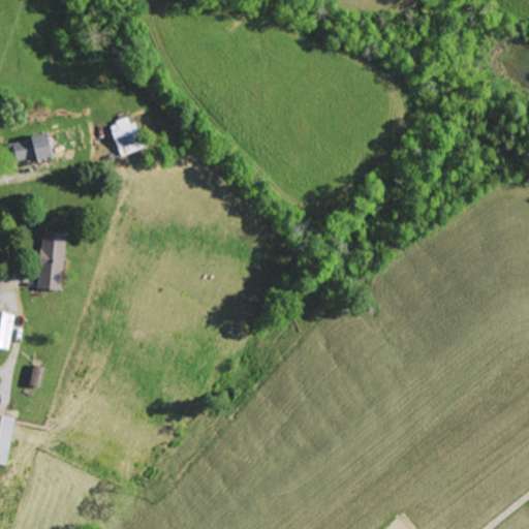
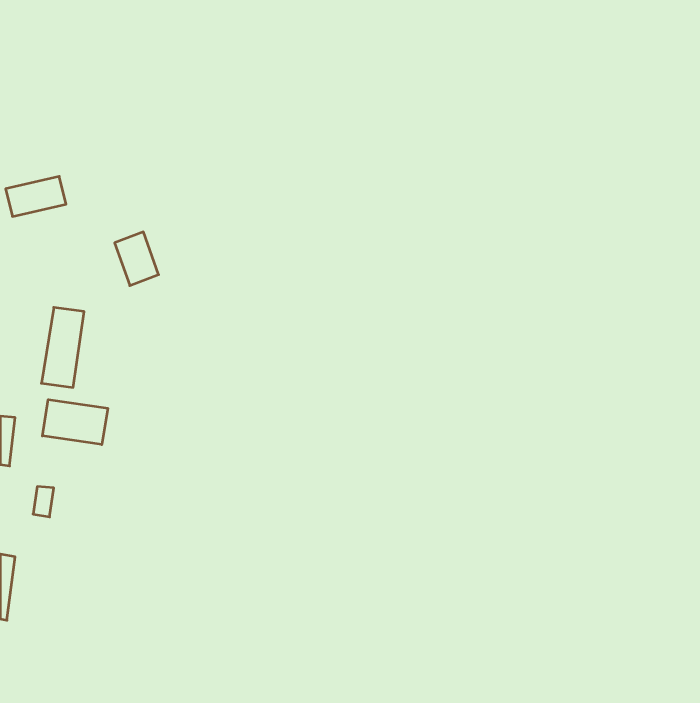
building: [108,116,142,156] -> [115,232,159,286]
building: none -> [42,400,108,445]

